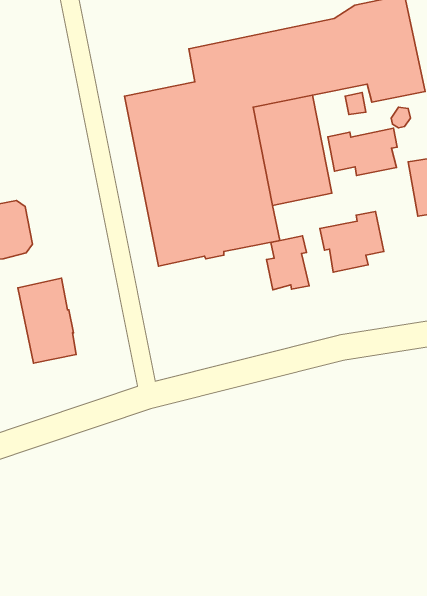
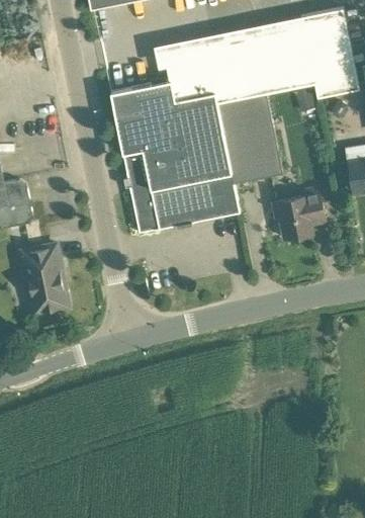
building: [328,128,397,175] -> none
building: [266,236,309,290] -> none

